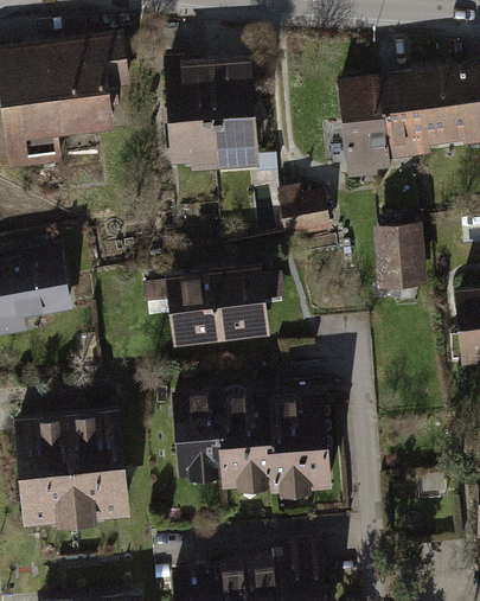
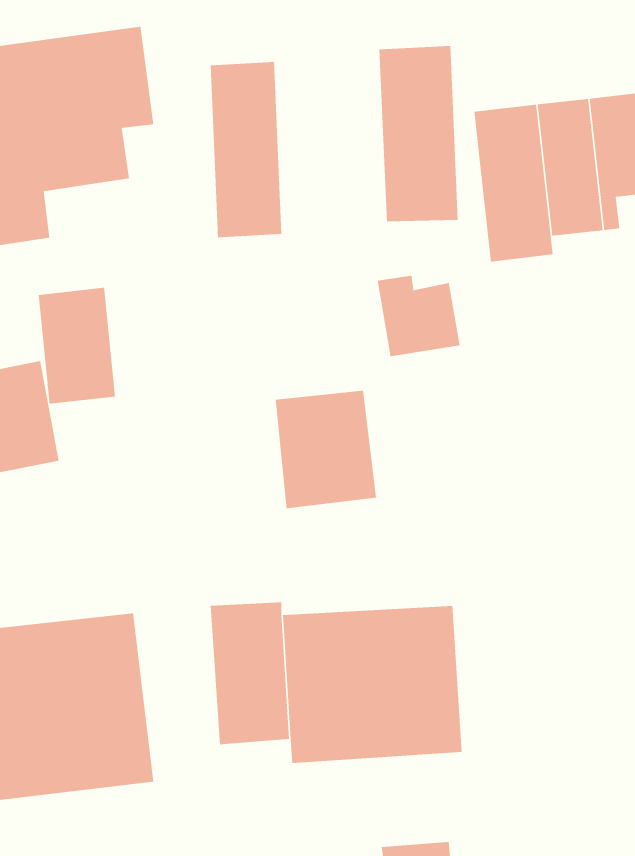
building: [210,49,261,161] -> [379,46,458,222]
building: [375,228,422,289] -> none
building: [167,267,217,341] -> [38,287,116,404]

